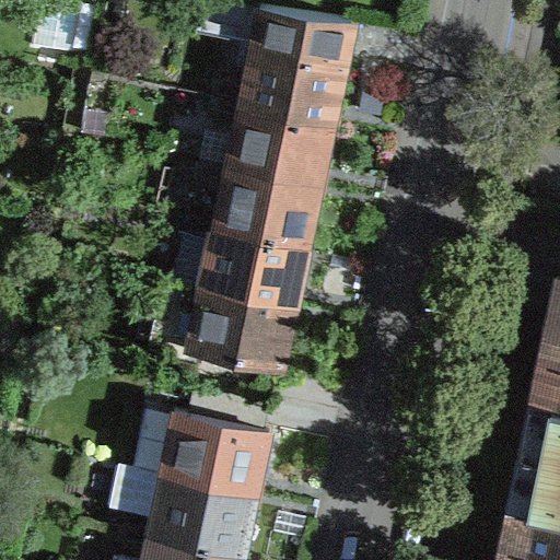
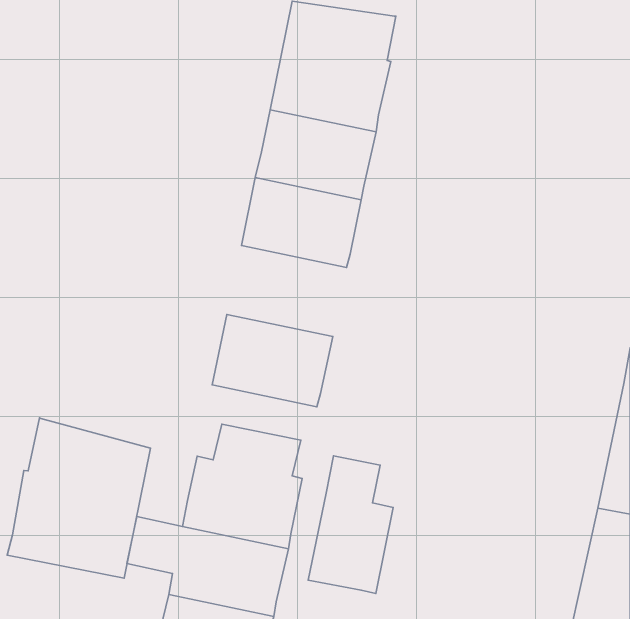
building: [201,228,307,308] -> none
building: none -> [7,418,150,578]
building: none -> [308,456,393,594]

